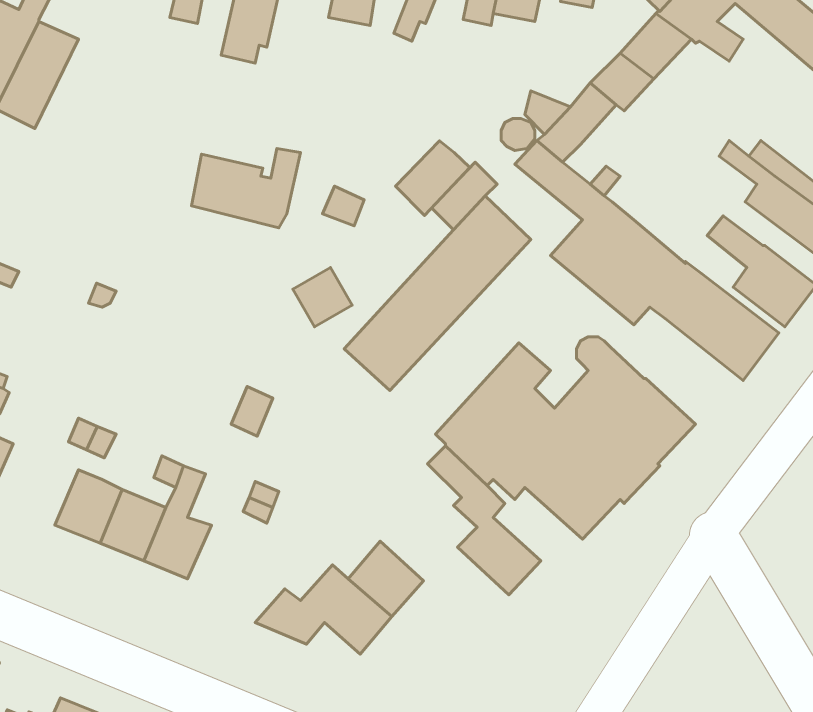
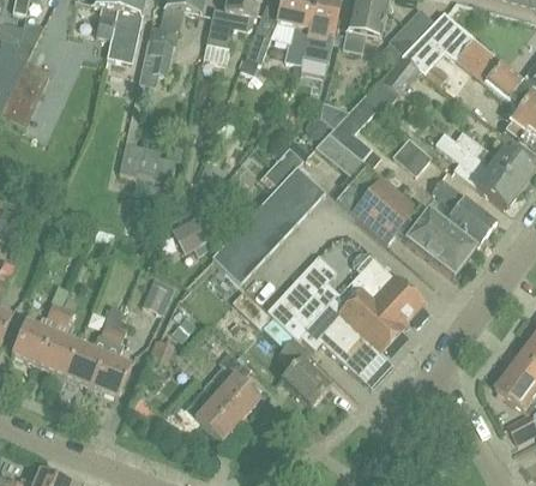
building: [395,141,470,215] -> none
building: none -> [393,138,432,175]
building: none -> [10,319,50,364]

